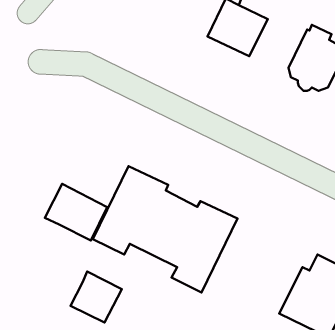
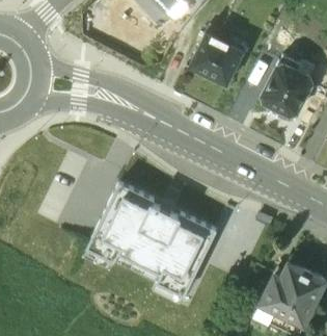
building: [45,184,107,240] -> none
building: [71,272,122,322] -> none

